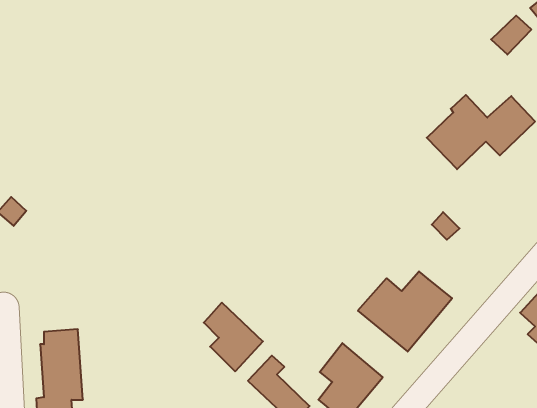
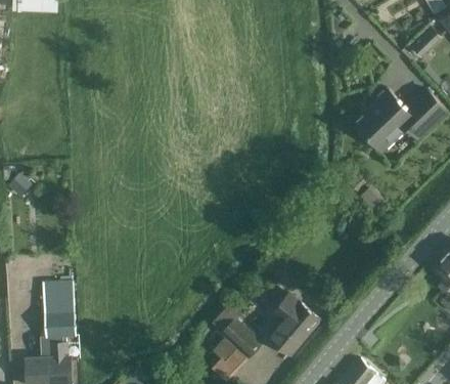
building: [358,271,452,352] -> none
building: [204,303,263,371] -> none

